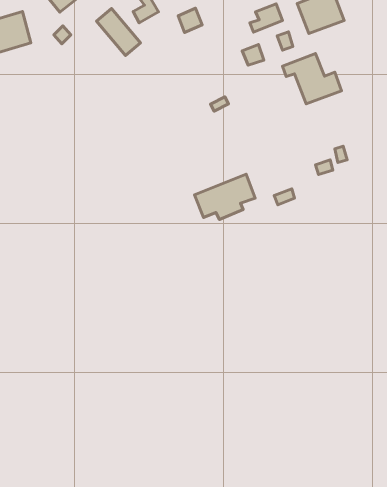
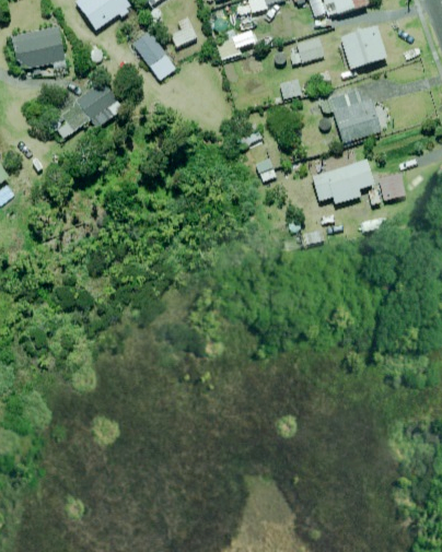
building: none -> [51,81,123,138]
building: none -> [380,171,406,199]
building: [194,174,255,220] -> [312,158,374,203]

